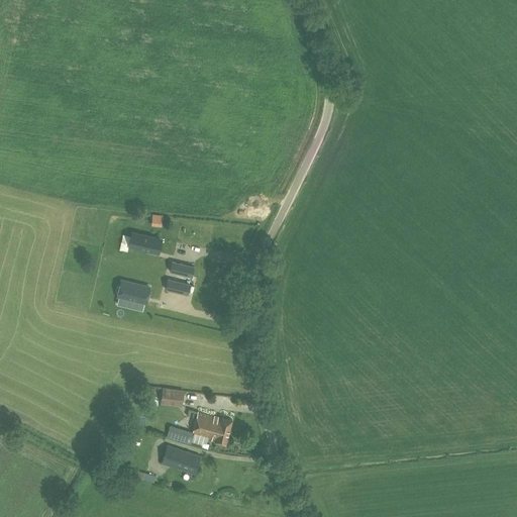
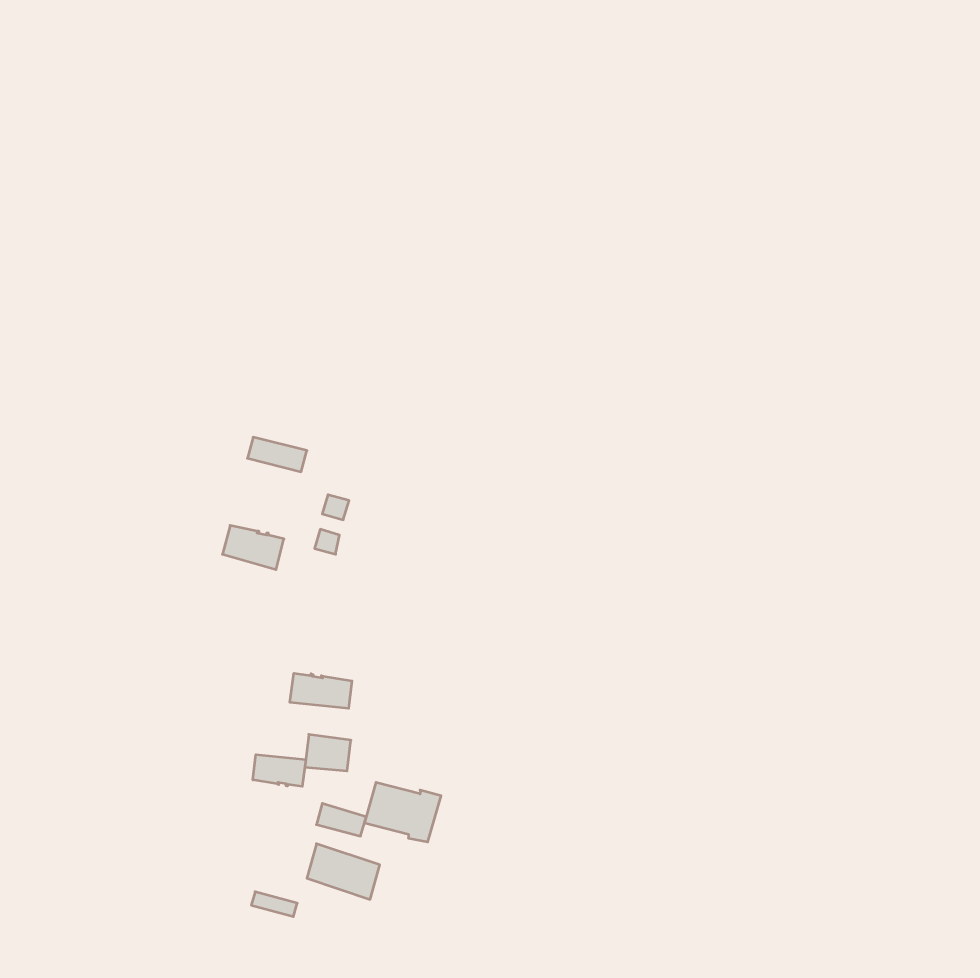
building: none -> [290,673,352,708]
building: none -> [253,755,306,786]

